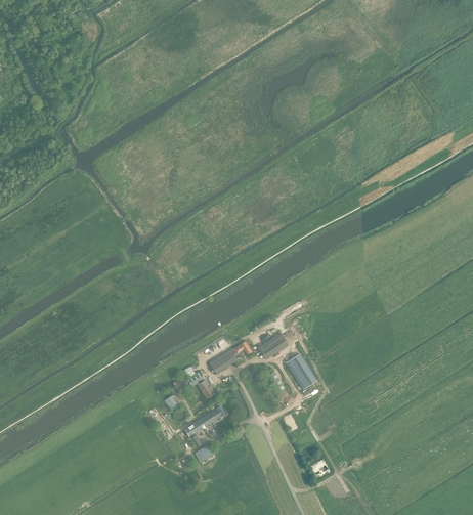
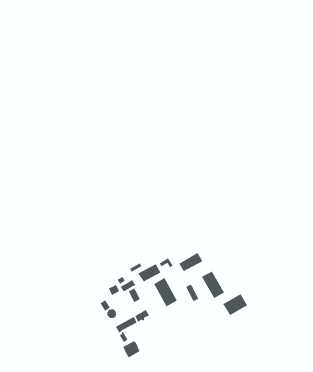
building: none -> [153,277,178,308]
building: none -> [222,293,248,316]

